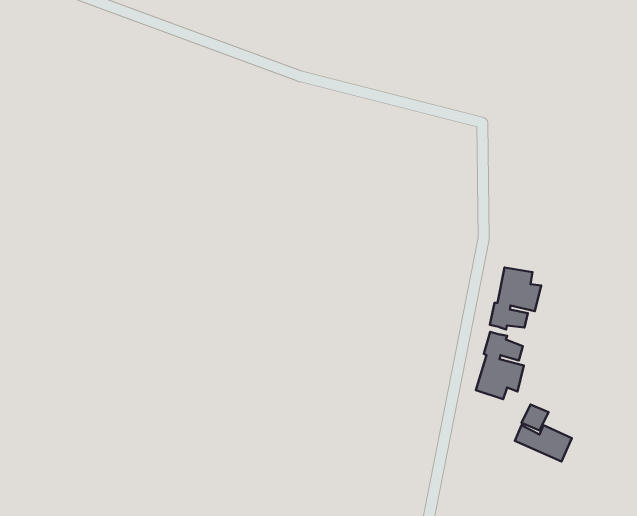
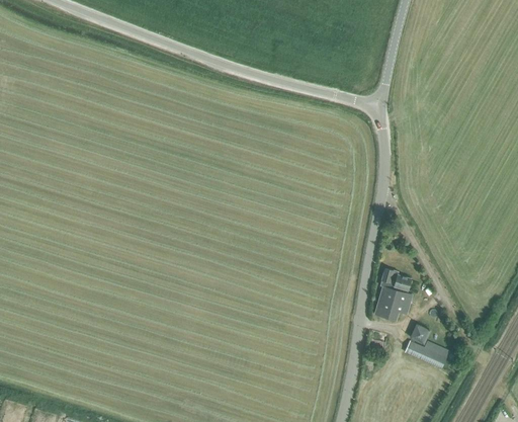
building: [490,267,541,329] -> none

